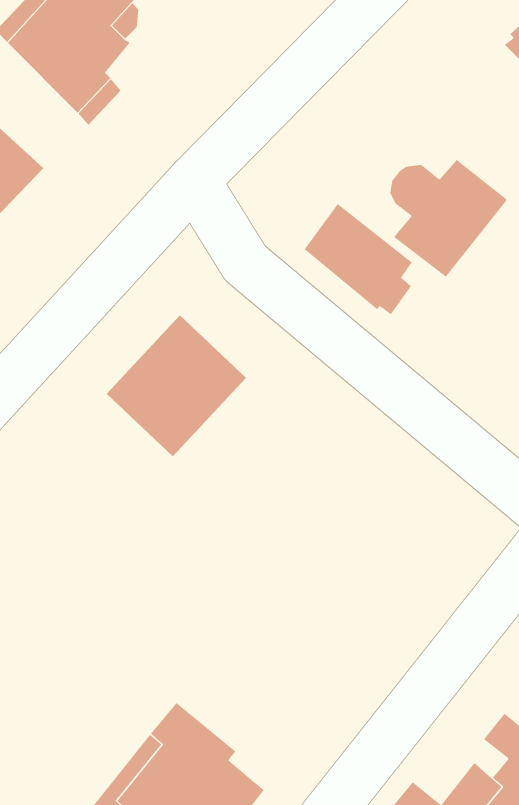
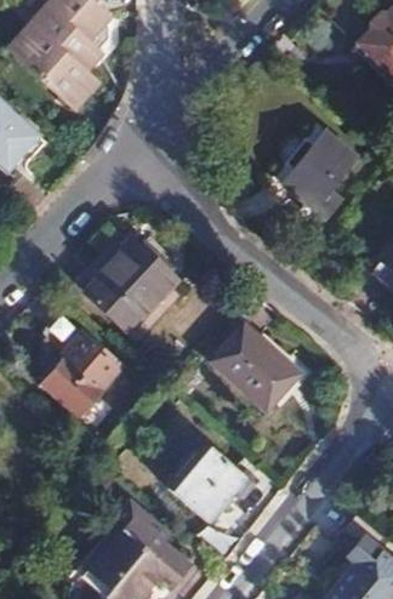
building: [304,203,413,315] -> none
building: none -> [46,314,121,413]
building: none -> [211,326,297,410]
building: none -> [169,443,258,521]

